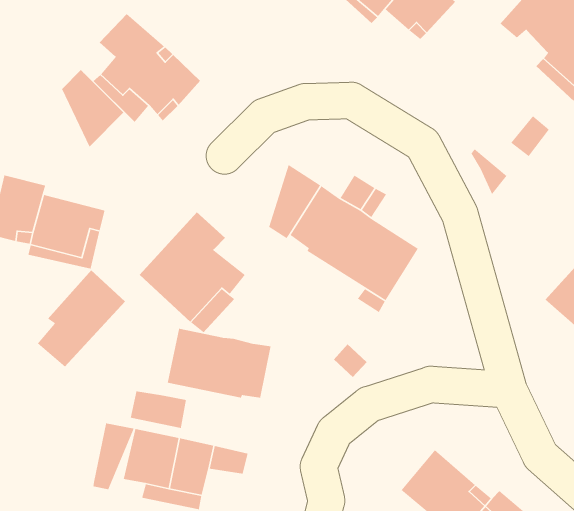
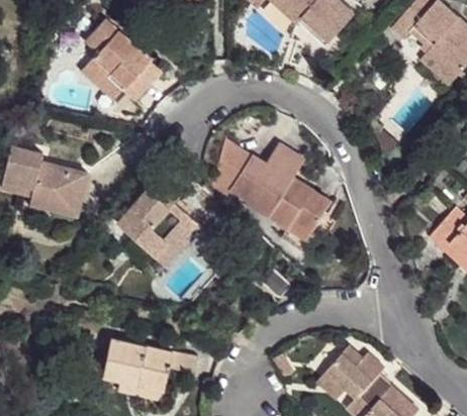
building: [61,69,124,148] -> none
building: [37,270,126,368] -> none
building: [167,328,272,398] -> none
building: [130,390,187,429] -> none
building: [92,422,135,490] -> none

